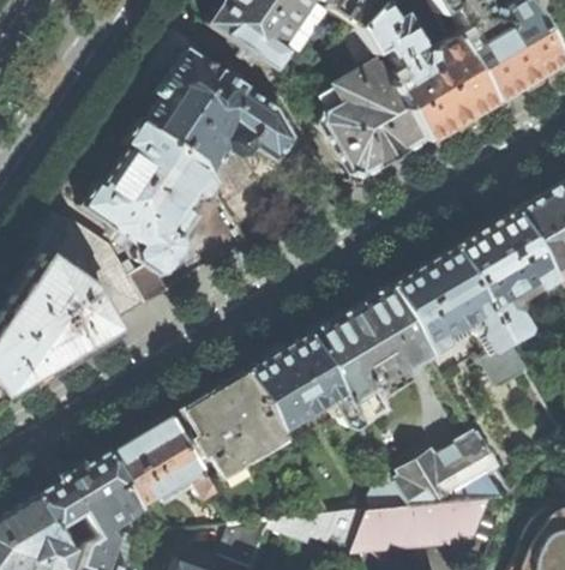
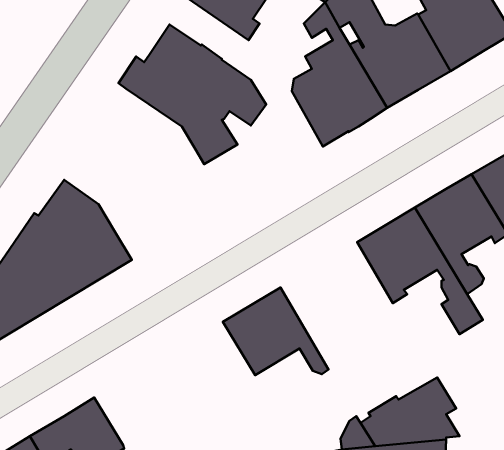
building: [89,121,222,306] -> none
building: [314,287,435,425] -> none
building: [190,373,293,478] -> none
building: [113,419,218,506] -> none

